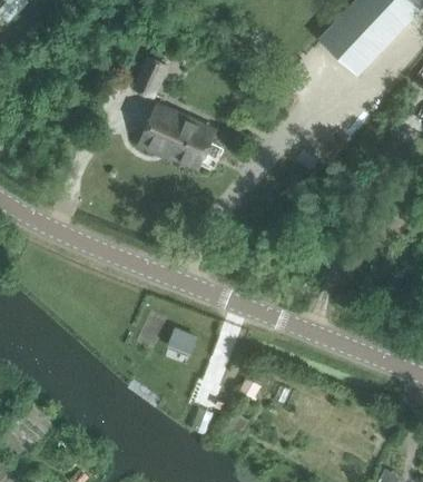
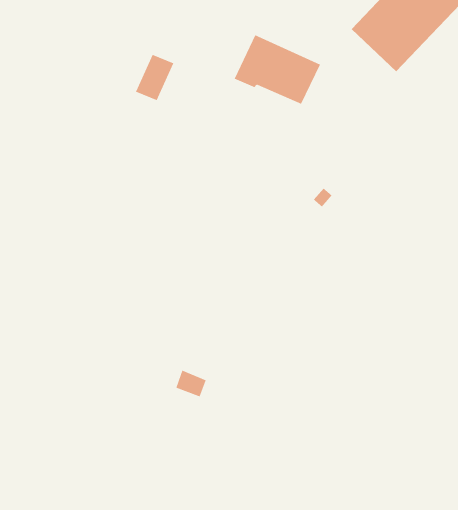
building: [137,108,212,168] -> [234,34,321,105]

